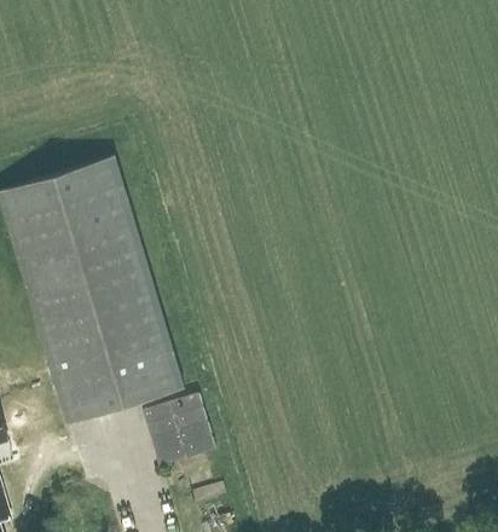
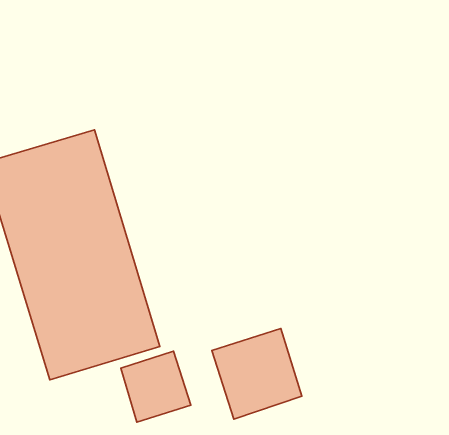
building: none -> [212,329,302,419]

